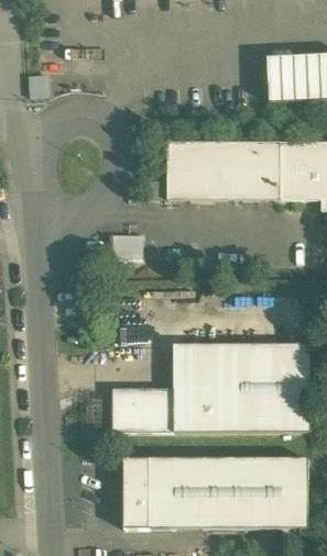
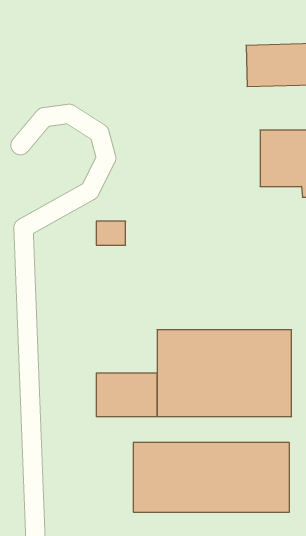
building: [166,141,279,199] -> none
building: [123,457,150,527] -> none

